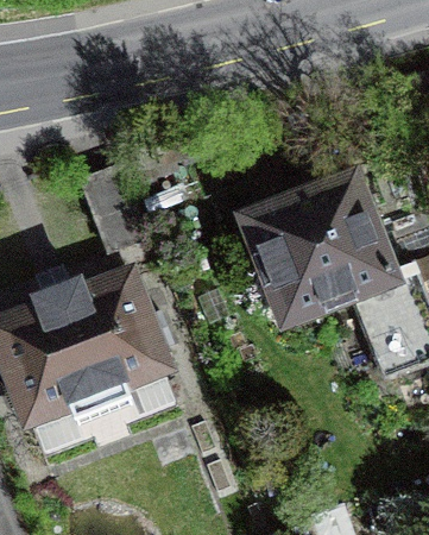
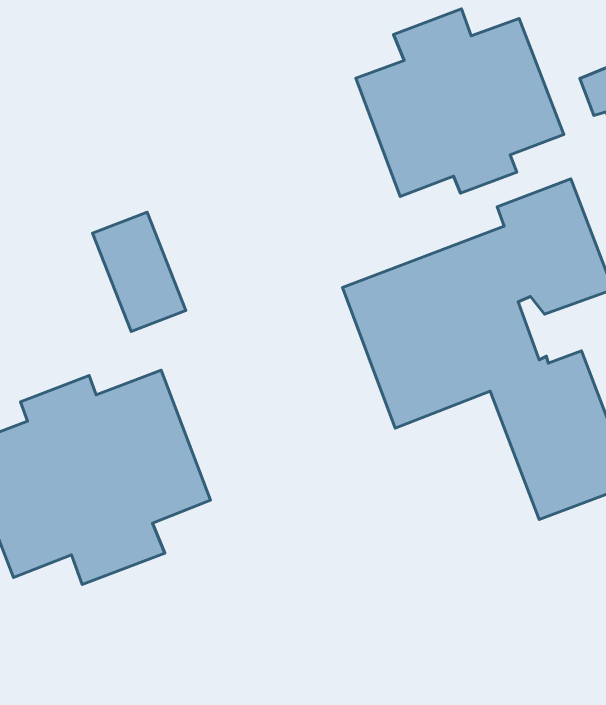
building: none -> [356,9,564,197]

